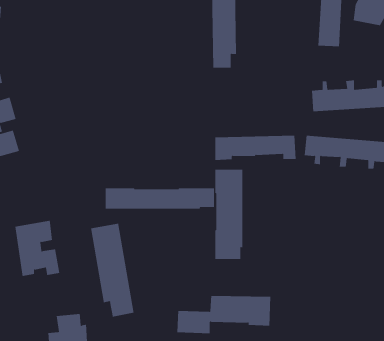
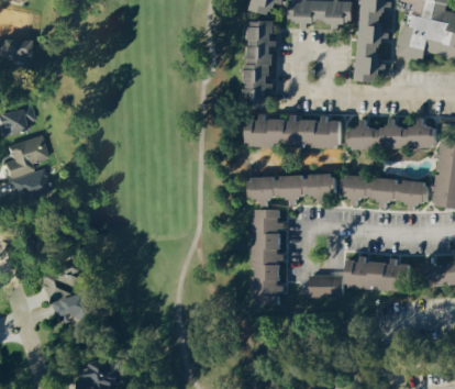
building: none -> [246,116,341,147]
building: [105,188,214,210] -> none
building: [91,223,134,317] -> none
building: [177,295,271,334] -> [307,259,404,299]

